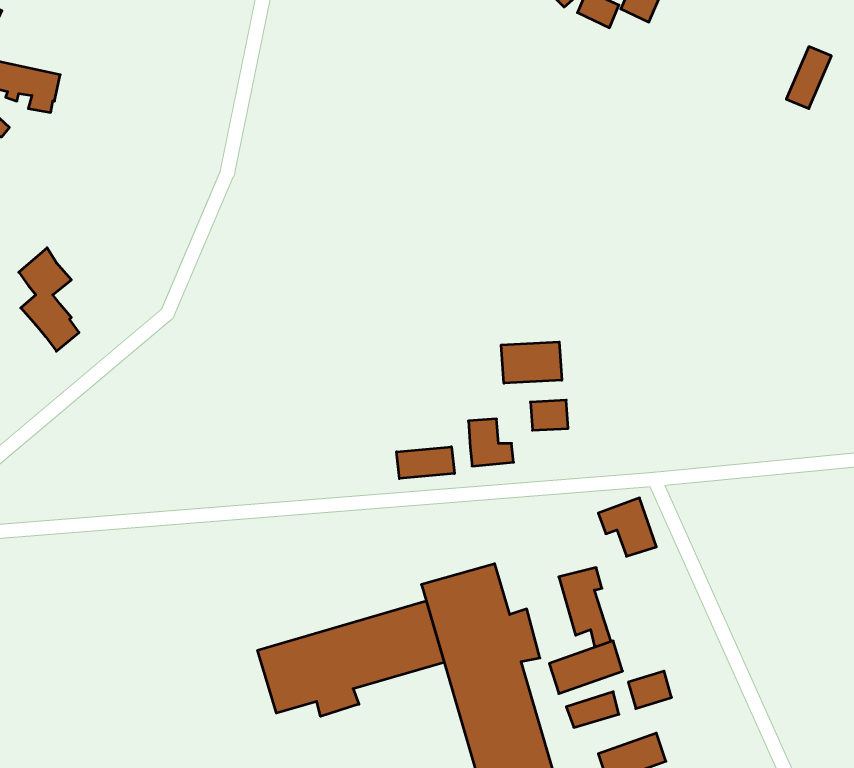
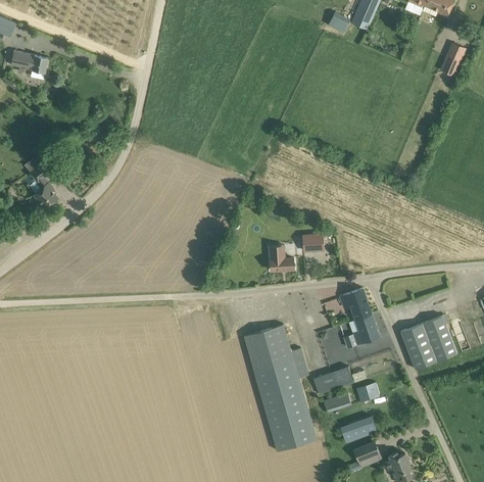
building: [501,342,562,383] -> none
building: [397,447,454,479] -> none
building: none -> [343,315,379,347]
building: none -> [400,316,456,370]
building: [258,601,444,716] -> none

